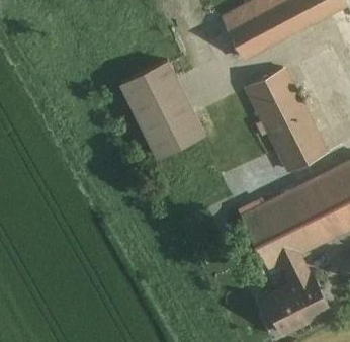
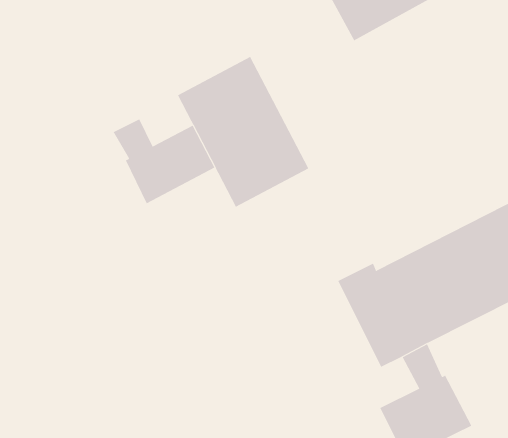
building: [247,68,329,174] -> none
building: none -> [113,119,215,204]

